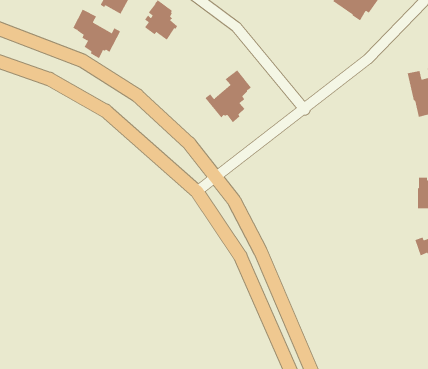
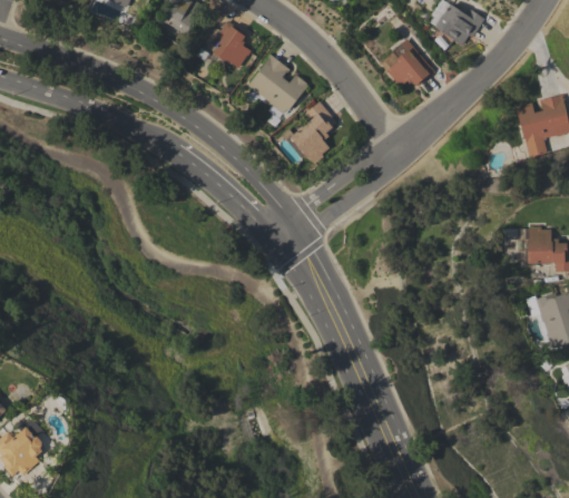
building: [73,9,121,59] -> none
building: none -> [386,39,435,87]
building: none -> [247,53,308,114]

